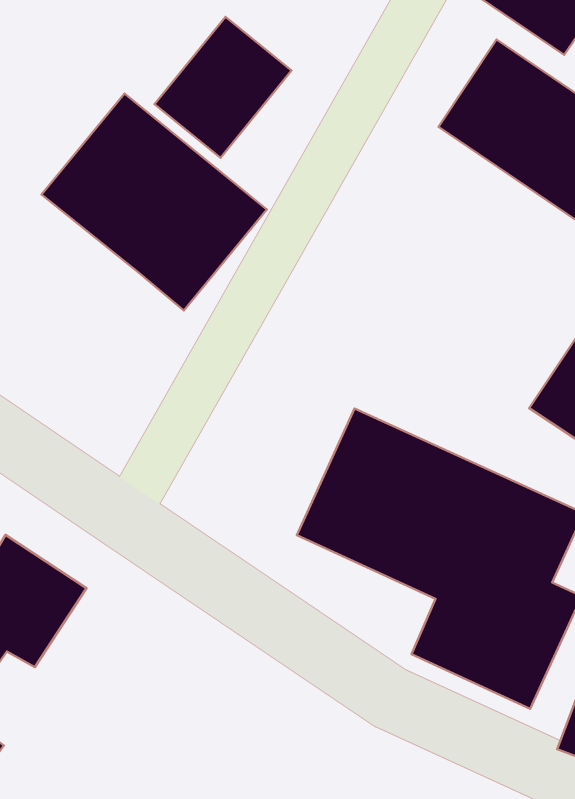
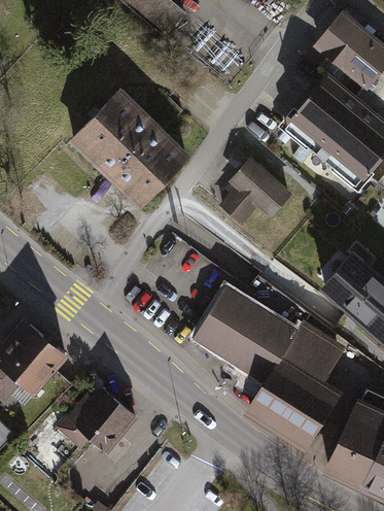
building: [154,17,292,158] -> none
building: none -> [223,159,292,227]
building: none -> [56,386,139,454]

